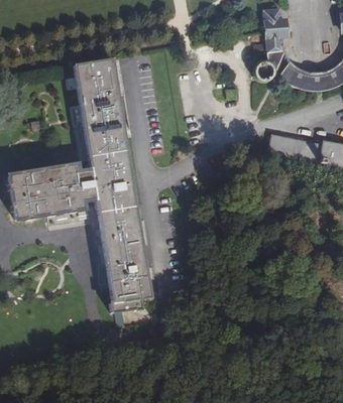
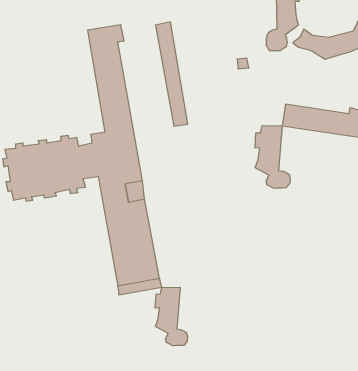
building: [72,63,102,161] -> [155,22,188,126]
building: none -> [255,126,290,188]
building: none -> [155,287,187,346]

